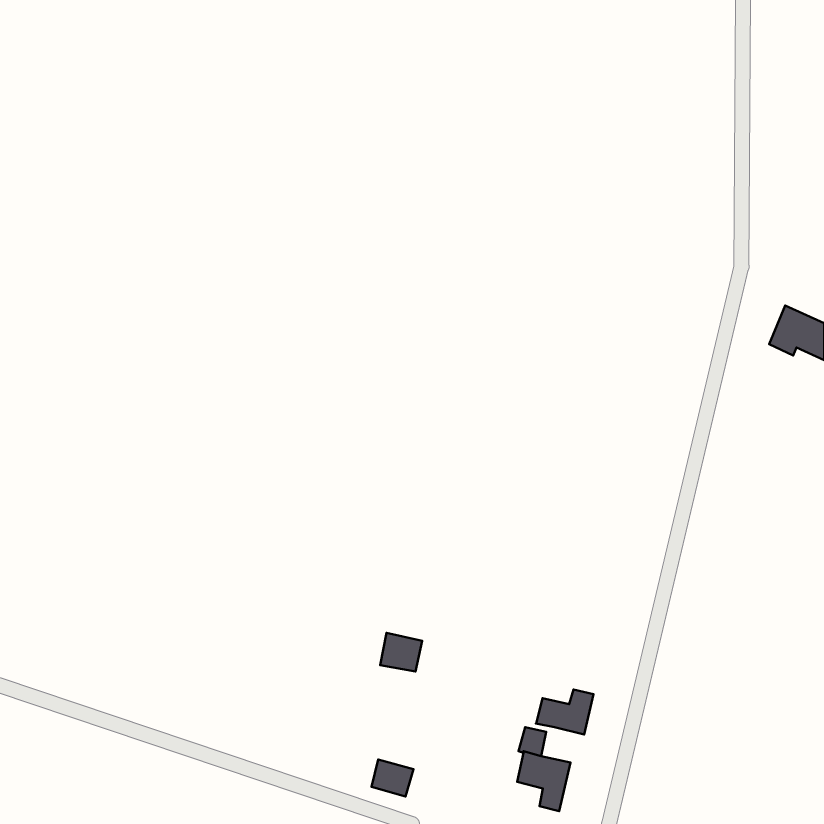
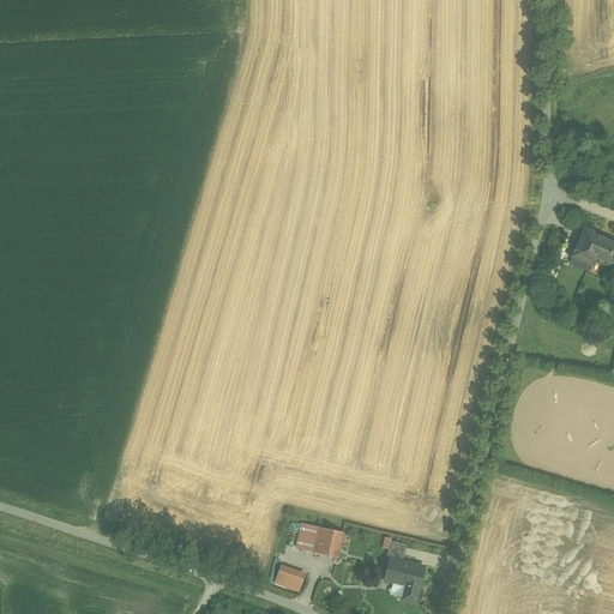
building: [380,633,422,672] -> [311,526,342,555]
building: [536,690,594,734] -> none

